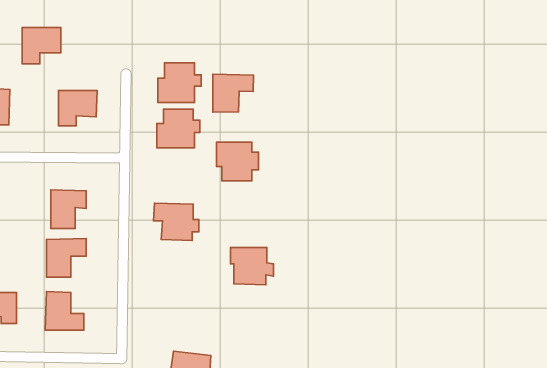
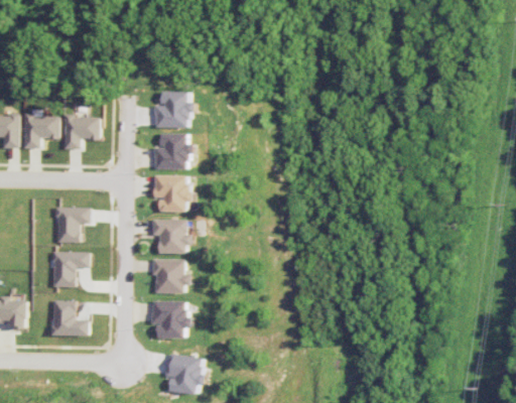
building: [22,27,61,64] -> [23,115,58,148]
building: [213,74,254,112] -> none
building: [216,142,258,181] -> [153,175,191,211]
building: [231,247,274,285] -> [150,259,189,293]
building: none -> [150,300,190,338]

